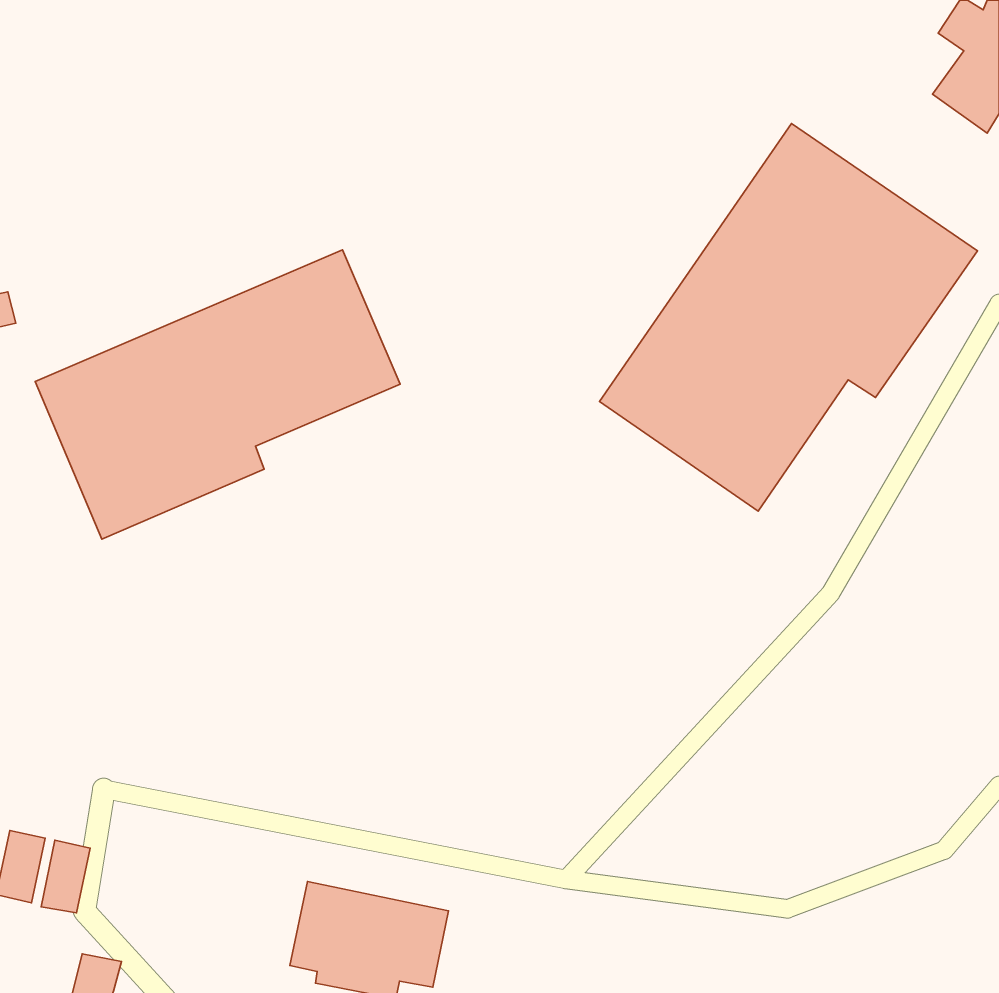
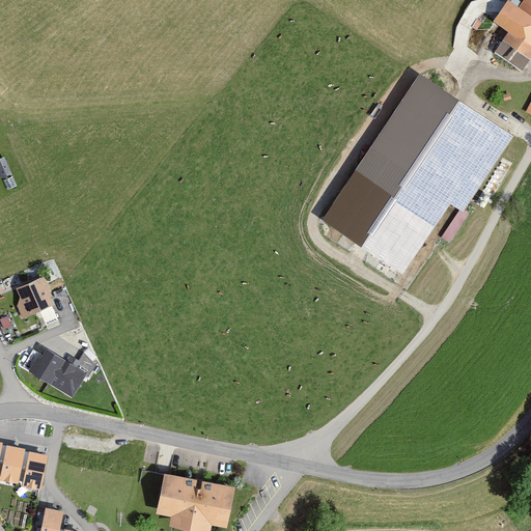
building: [35,250,400,539] -> none
building: none -> [13,279,56,324]
building: none -> [26,345,99,399]

